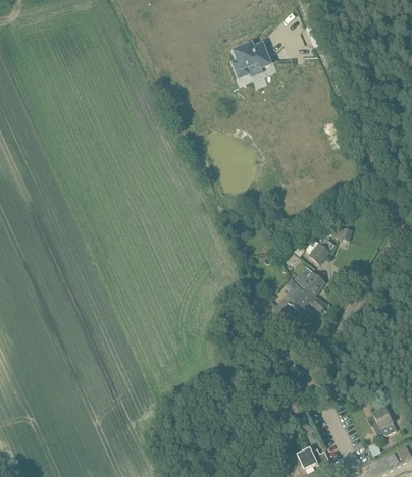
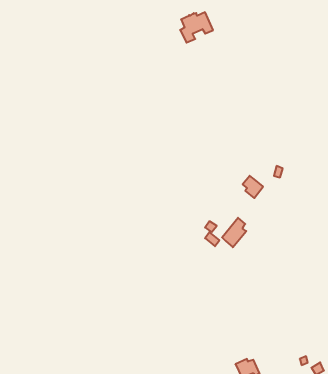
building: [299,269,324,309] -> none
building: [371,406,395,434] -> none

